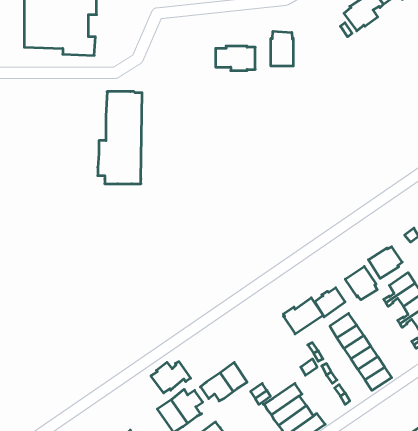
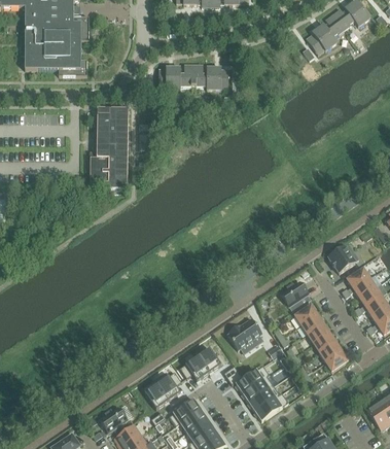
building: [271,31,293,66] -> none
building: none -> [158,67,193,89]
building: [345,266,377,300] -> none
building: [283,298,323,334] -> [227,317,262,349]
building: [151,362,191,393] -> none

